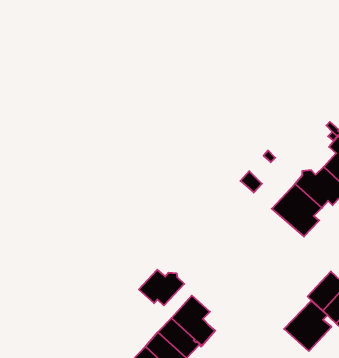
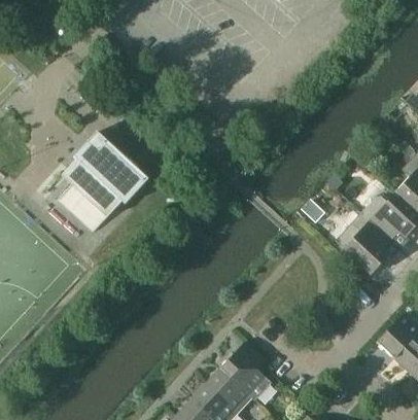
building: none -> [57,132,147,233]
building: [139,270,184,305] -> none
building: [284,301,331,351] -> none

